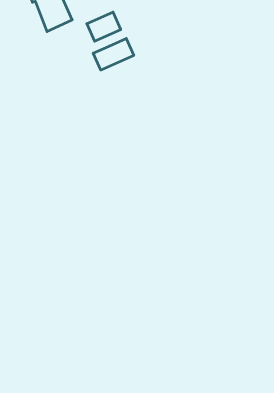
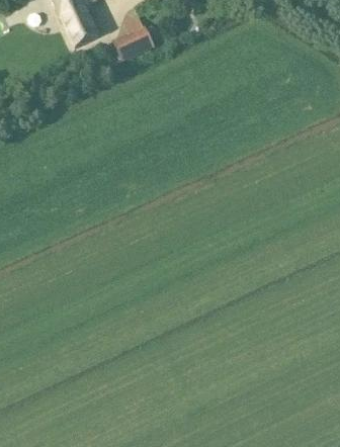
building: [93,38,134,70] -> none

